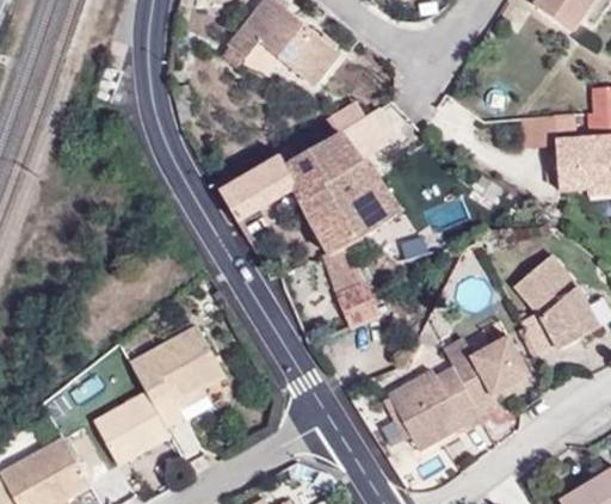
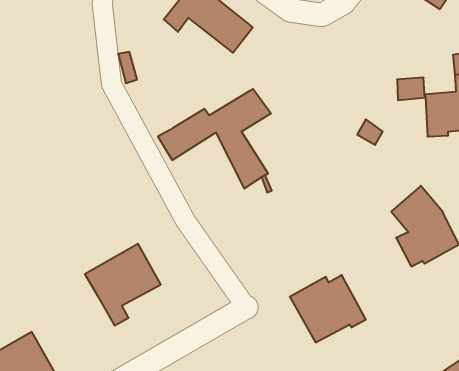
building: [326,161,402,238] -> none
building: [334,281,382,328] -> none
building: [443,336,526,414] -> none
building: [93,393,169,466] -> none

